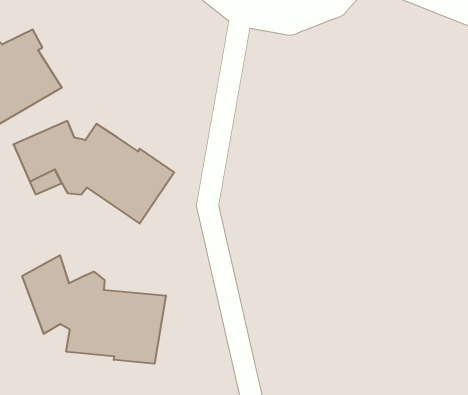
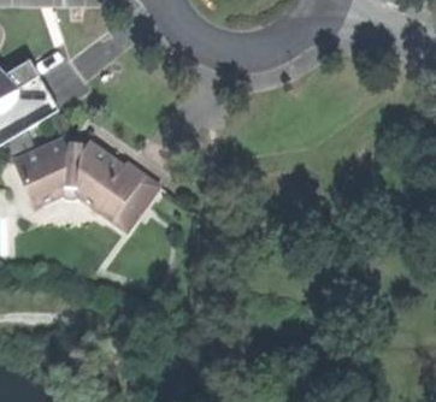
building: [22,255,166,364] -> none

